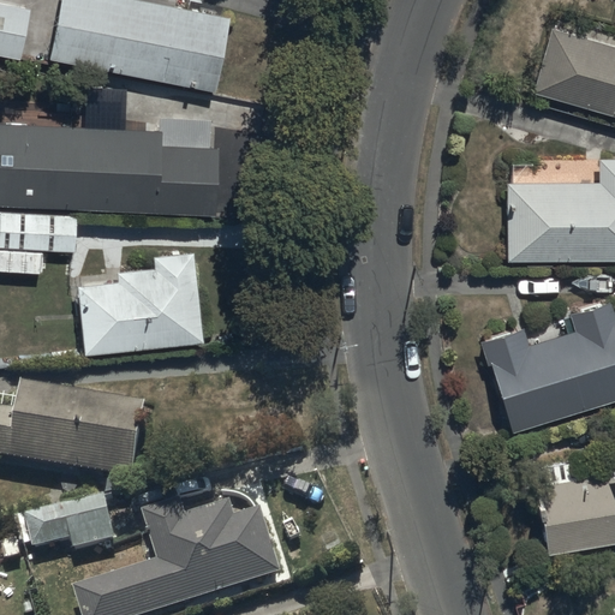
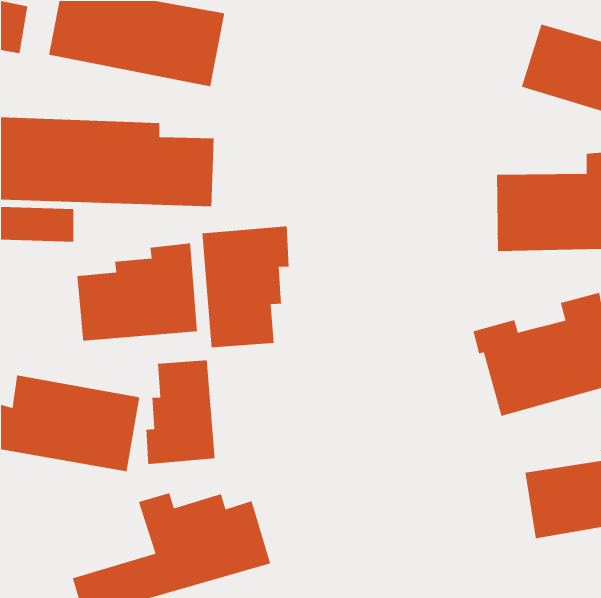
building: none -> [201,226,290,348]
building: none -> [146,360,216,465]
building: [25,501,118,557] -> none

